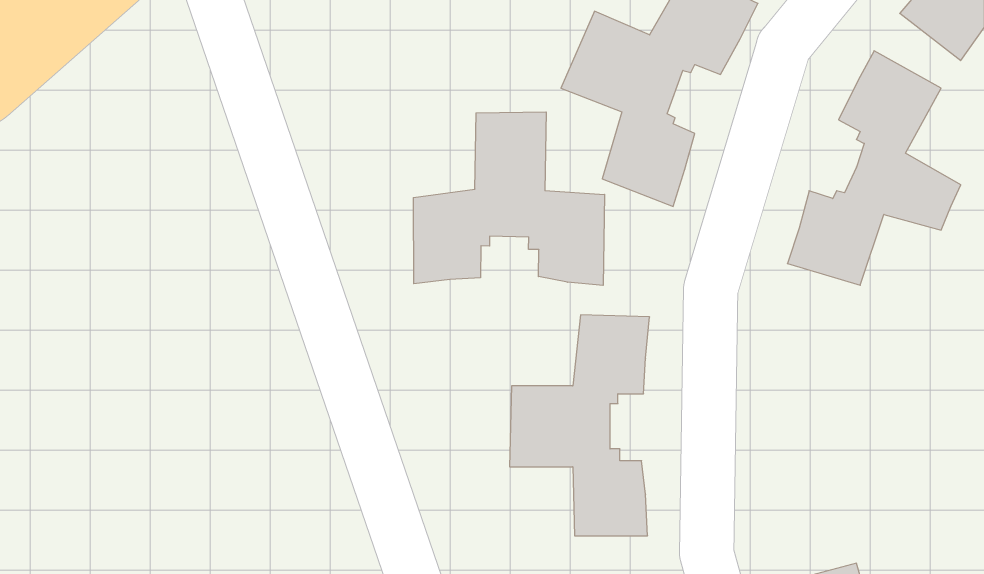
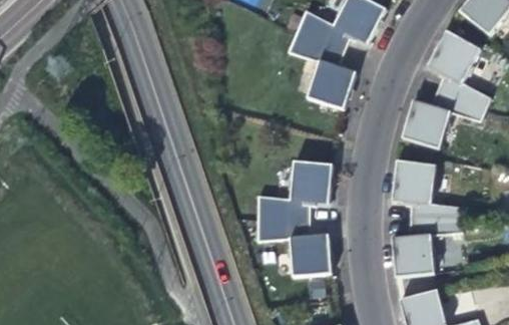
building: [413,112,605,285] -> none
building: none -> [392,160,462,275]

